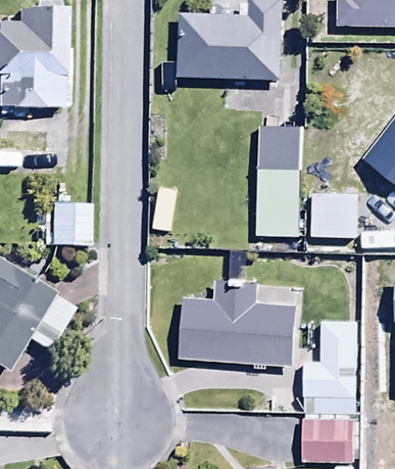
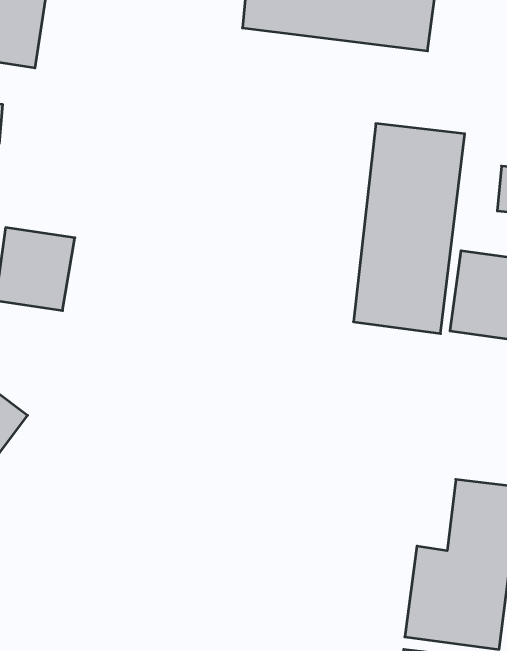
building: [182,284,294,363] -> none

